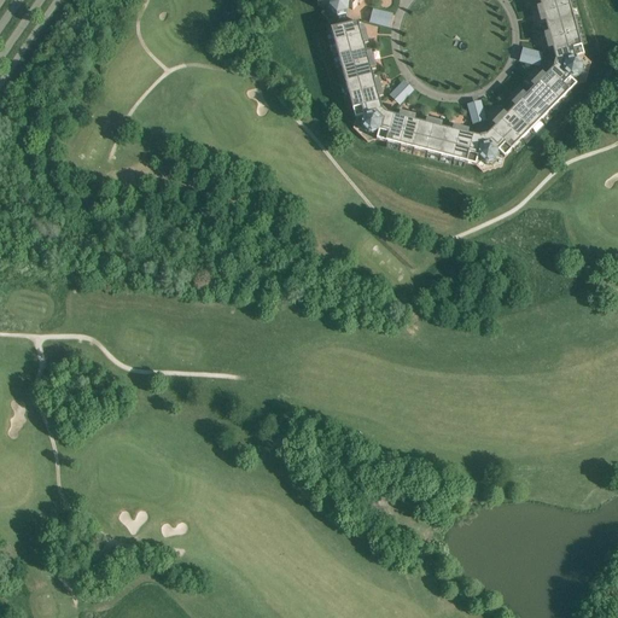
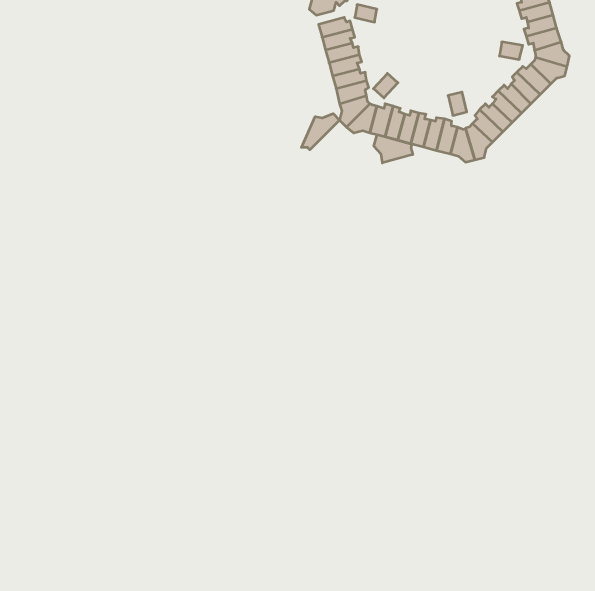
building: none -> [301,114,340,150]
building: none -> [374,135,413,163]

